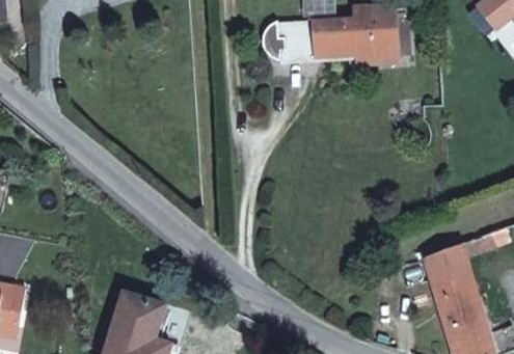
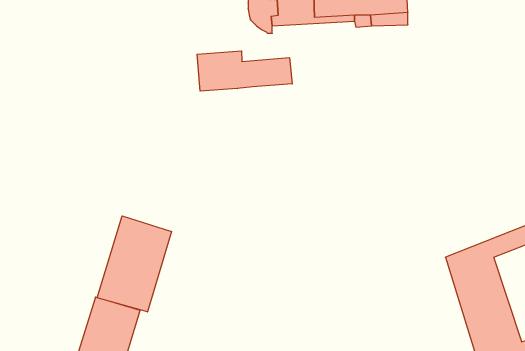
building: none -> [197,51,292,91]
building: none -> [97,216,172,312]

